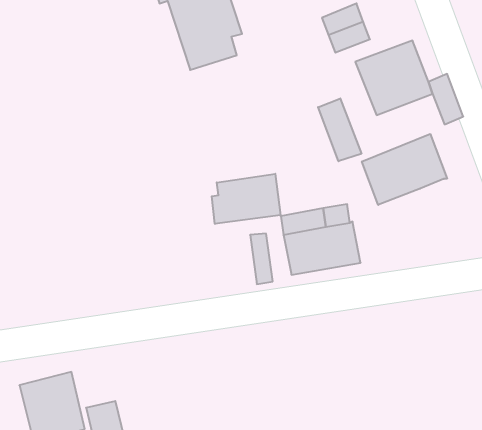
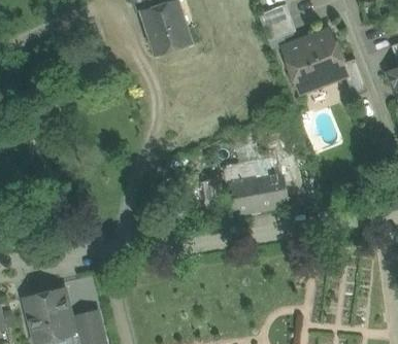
building: [318,98,361,161] -> none
building: [362,134,447,205] -> none
building: [212,174,281,224] -> none

